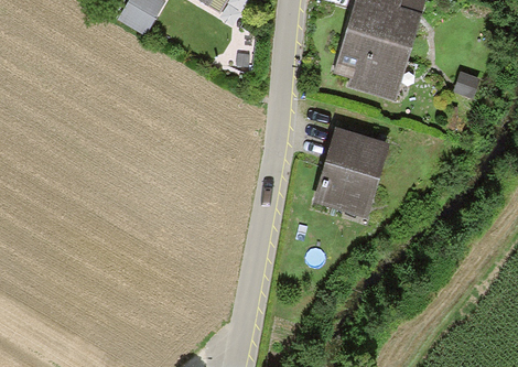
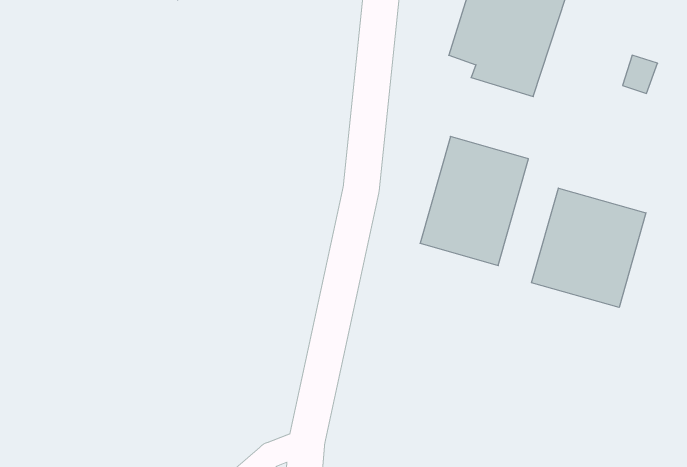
building: none -> [531,188,646,307]

